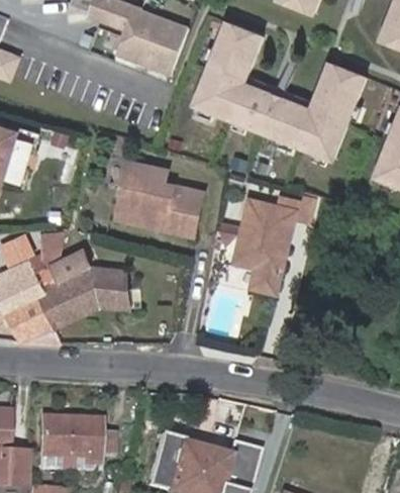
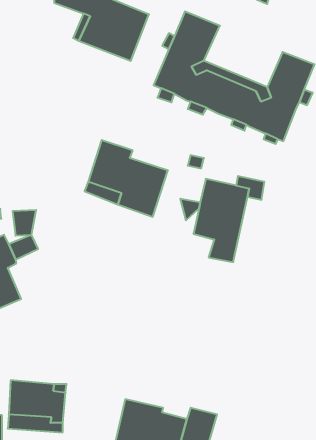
building: [36,275,124,328] -> none

